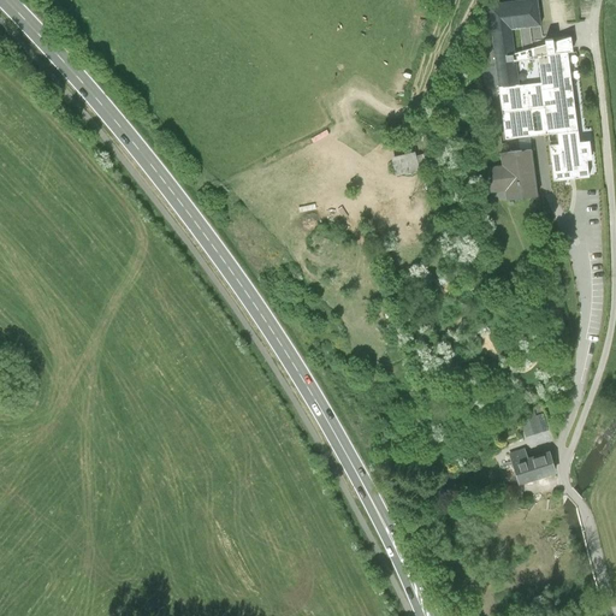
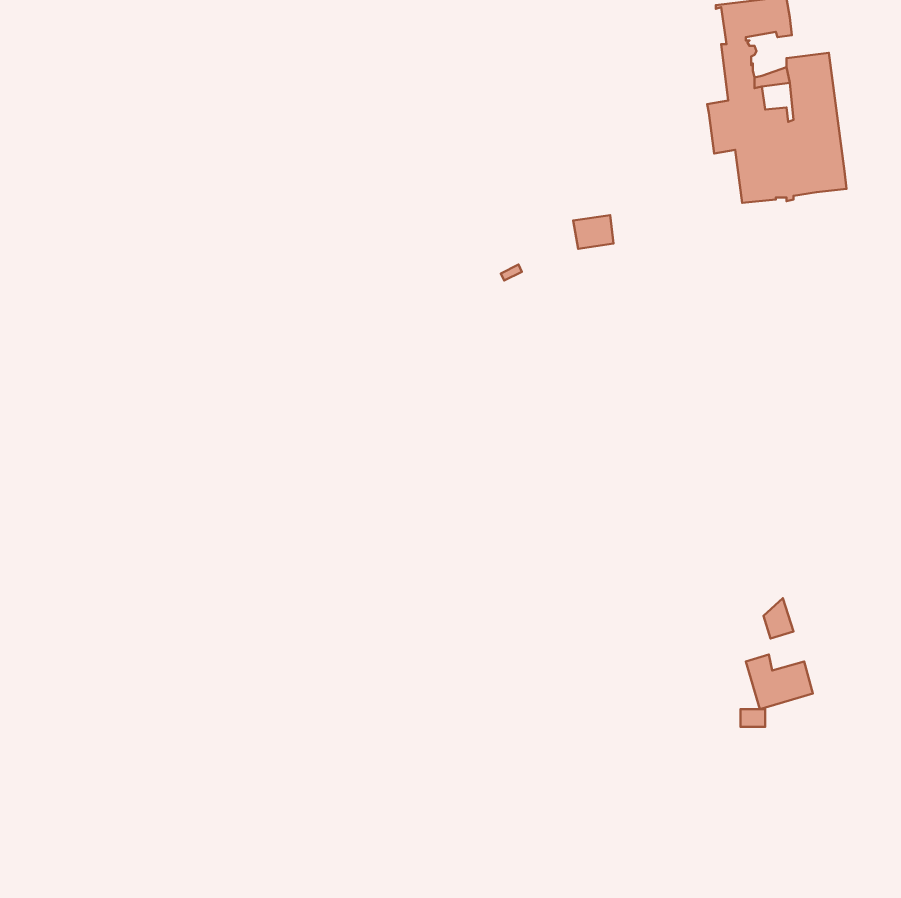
building: [550,129,592,180] -> none
building: [484,150,537,199] -> none

